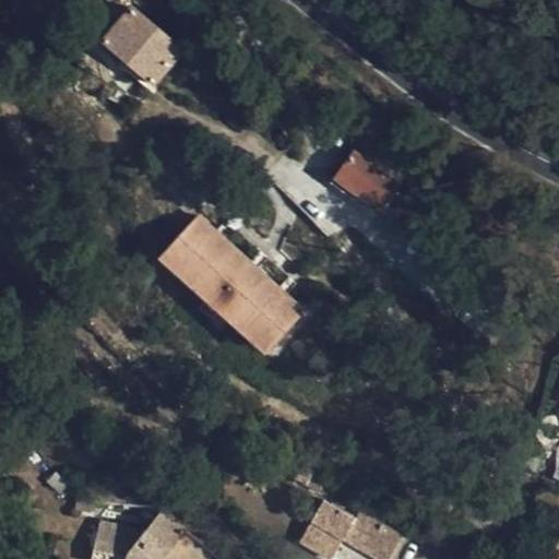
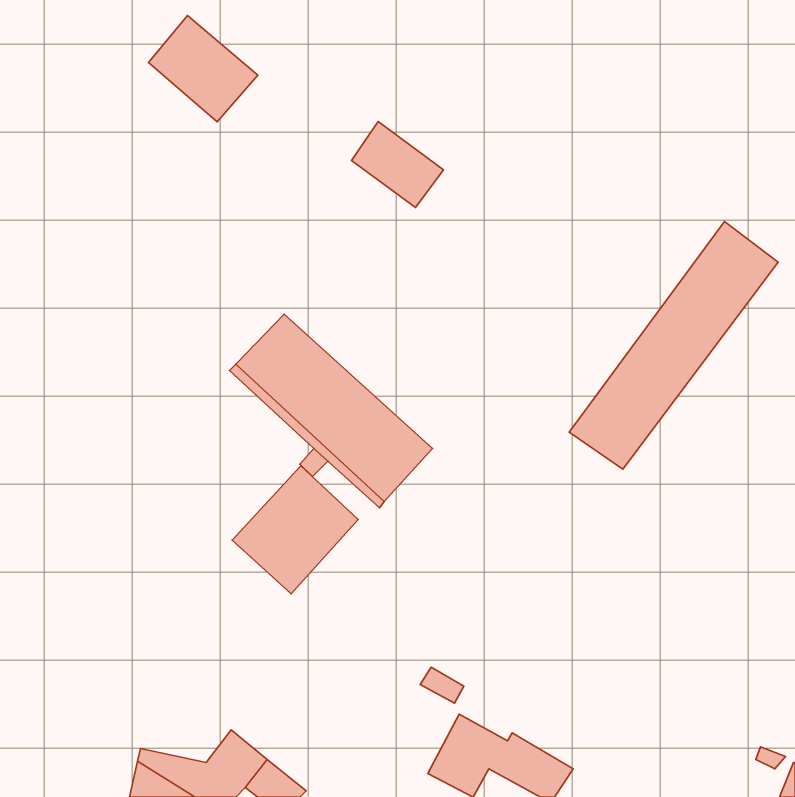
building: [334,153,399,213] -> [351,121,444,207]
building: none -> [569,222,778,469]
building: none -> [232,466,358,594]

